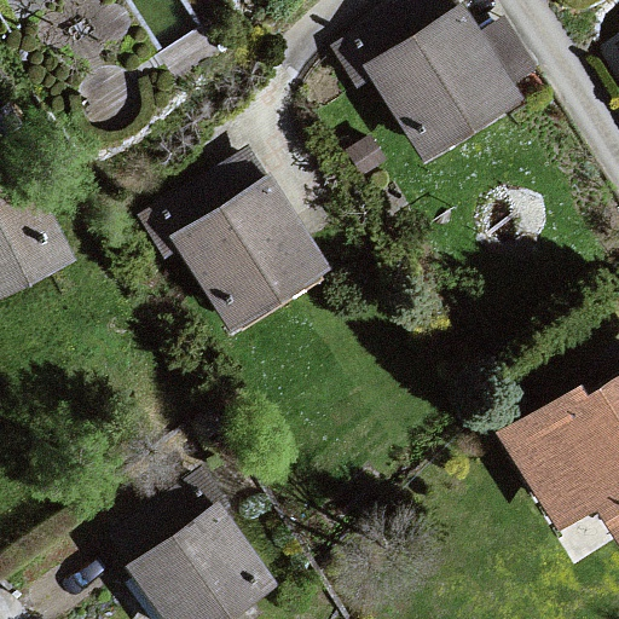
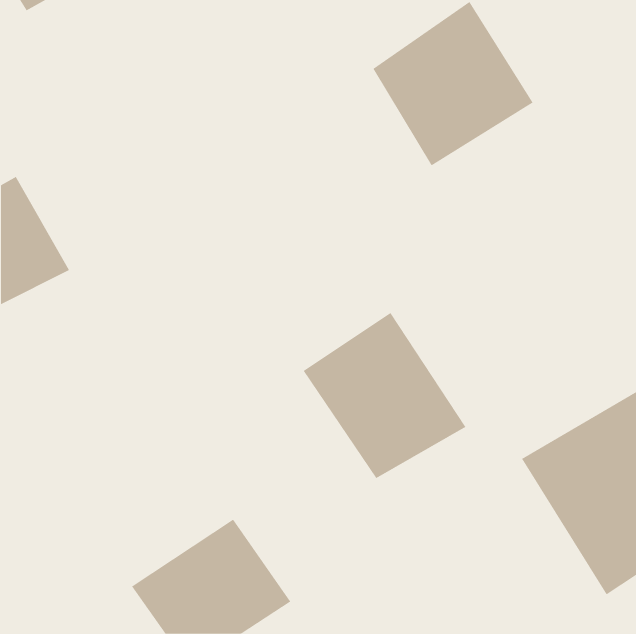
building: [167,175,325,331] -> none
building: none -> [303,312,466,479]

